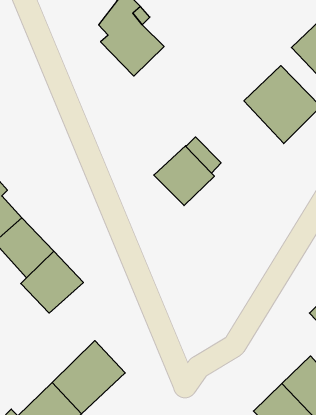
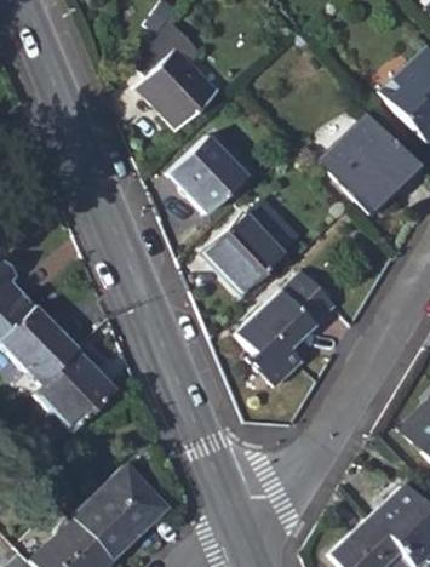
building: none -> [170,134,247,213]
building: none -> [236,269,336,386]

